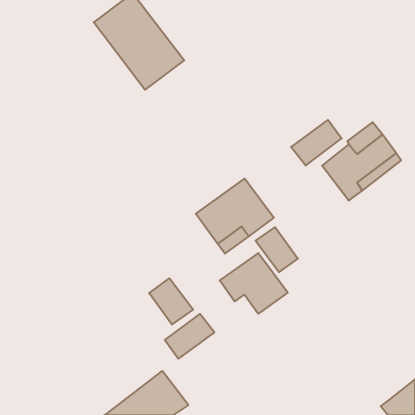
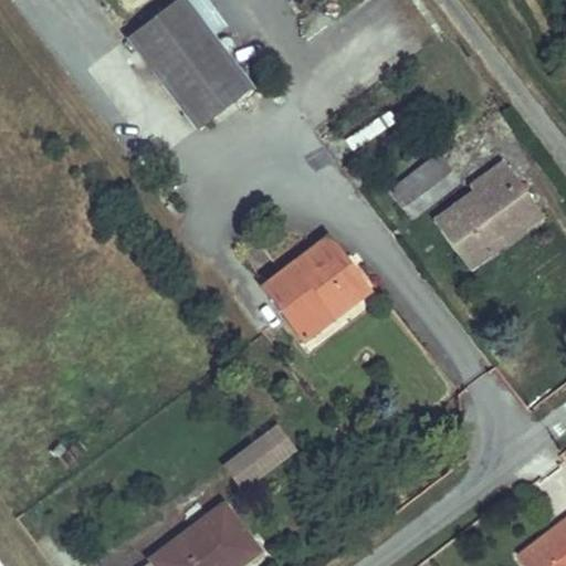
building: [256,227,298,272] -> none
building: [220,253,288,314] -> none
building: [149,278,193,325] -> none

